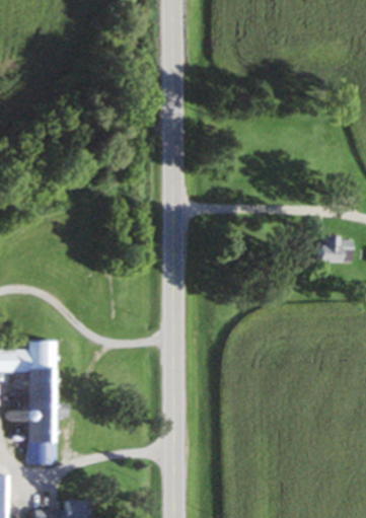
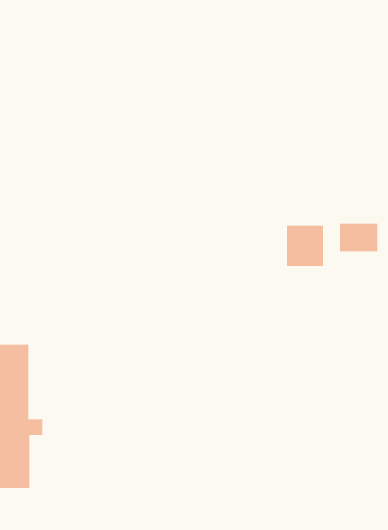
building: none -> [287,225,323,267]

